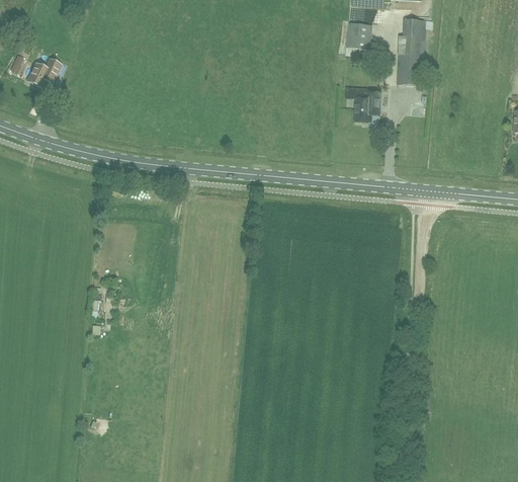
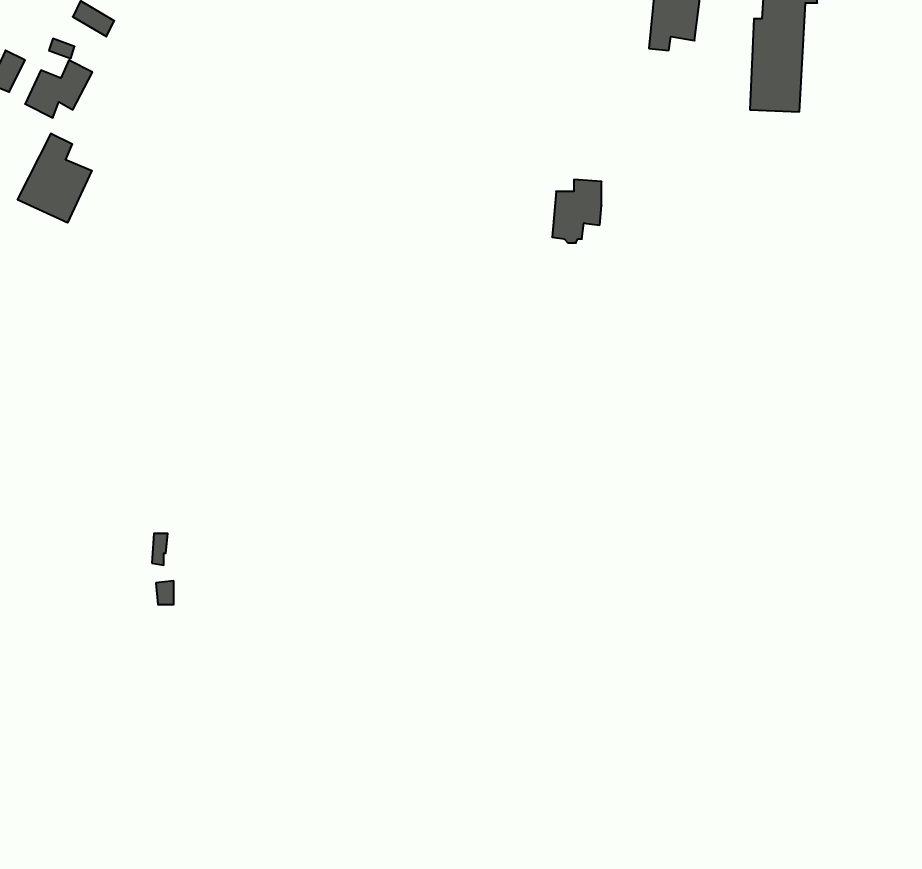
building: [354,89,379,122] -> [552,180,602,243]
building: none -> [18,133,92,223]

